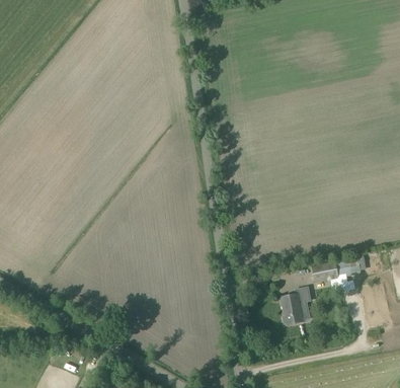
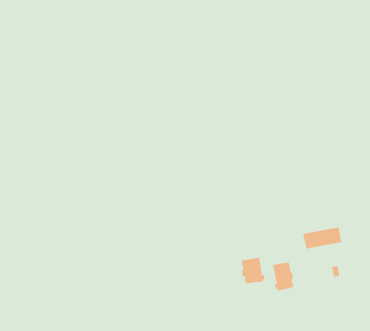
building: none -> [241,257,265,284]

